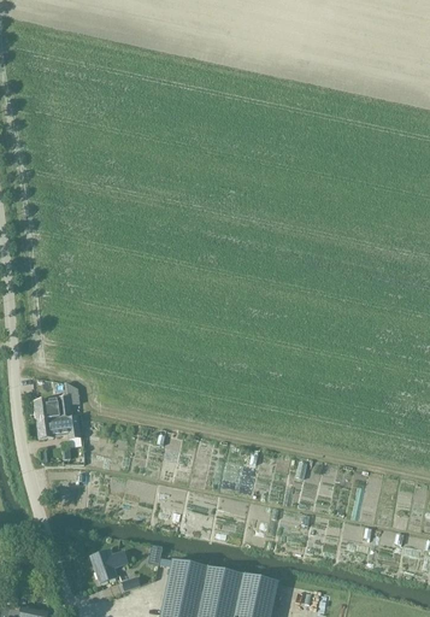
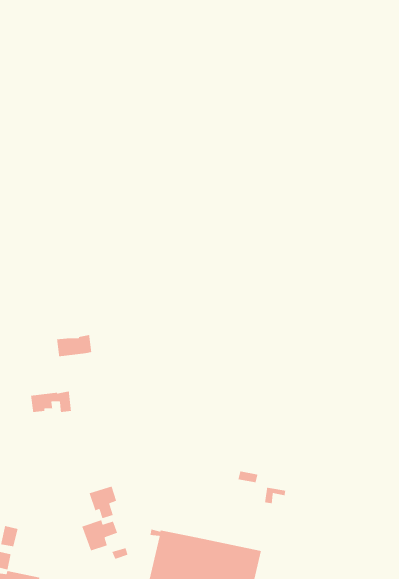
building: [35,396,72,421] -> [56,334,92,357]
building: none -> [89,486,117,519]

